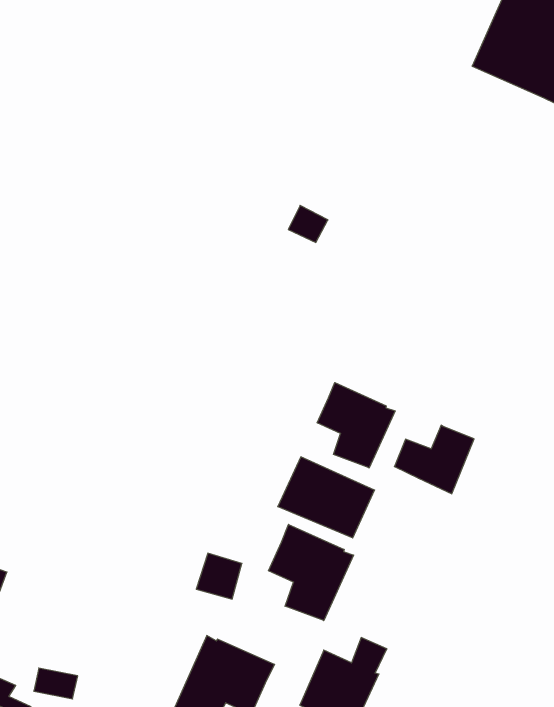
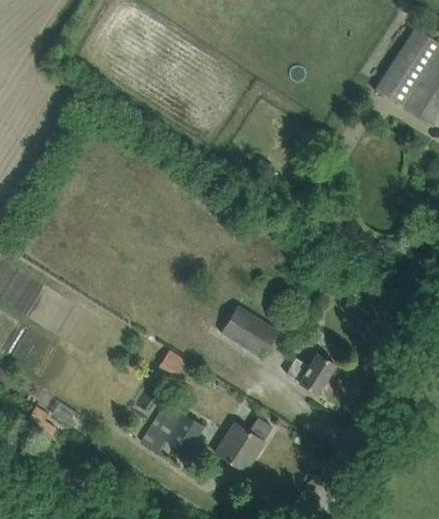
building: [317,383,395,468] -> none
building: [394,425,474,494] -> [286,353,336,394]
building: [268,524,354,621] -> none

